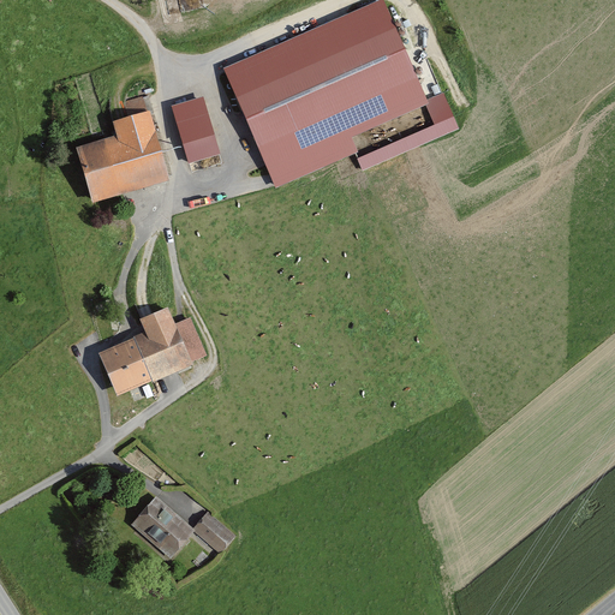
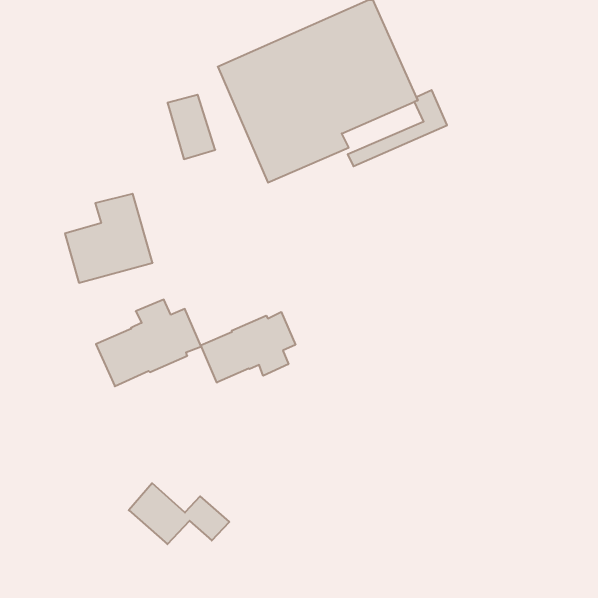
building: [72,109,162,201] -> [65,194,153,283]
building: none -> [201,312,295,383]

